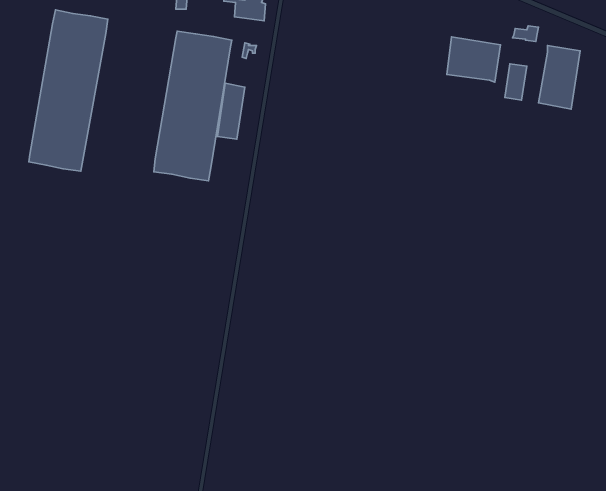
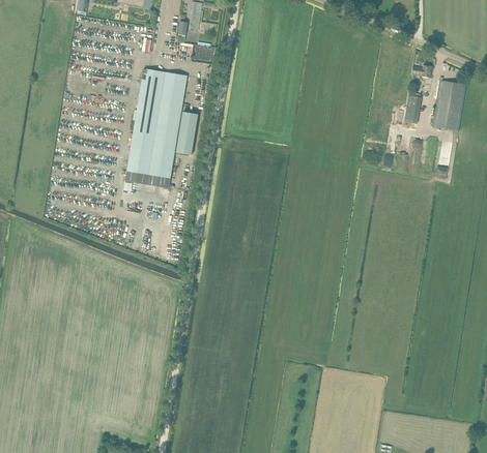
building: [29,10,108,171] -> none
building: [447,37,501,82] -> none

